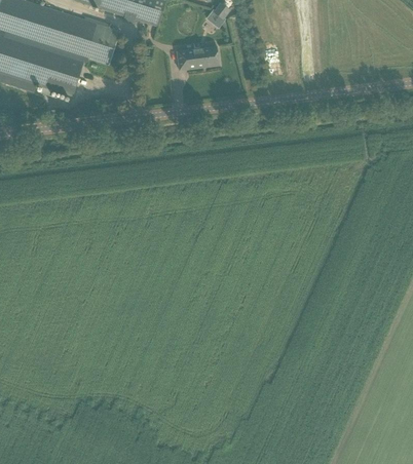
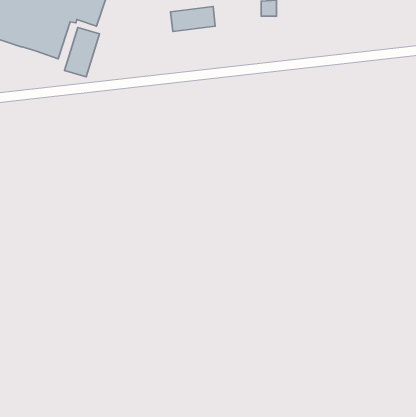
building: none -> [65,27,100,77]

